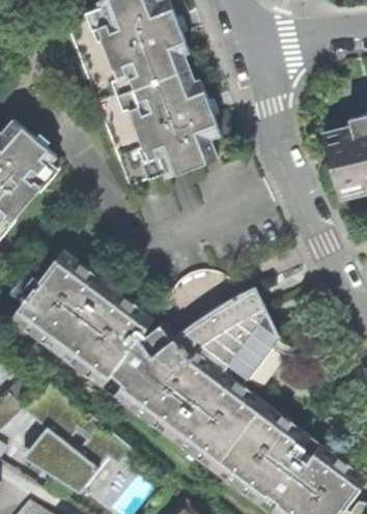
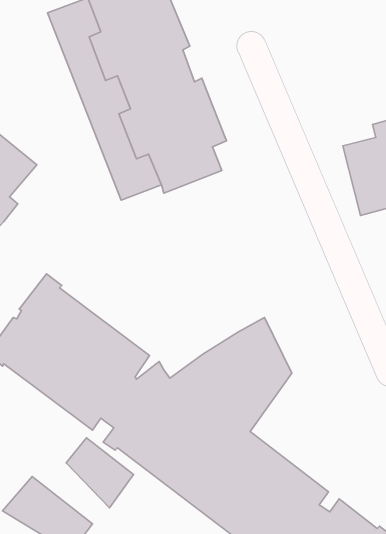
building: none -> [66,438,133,508]

